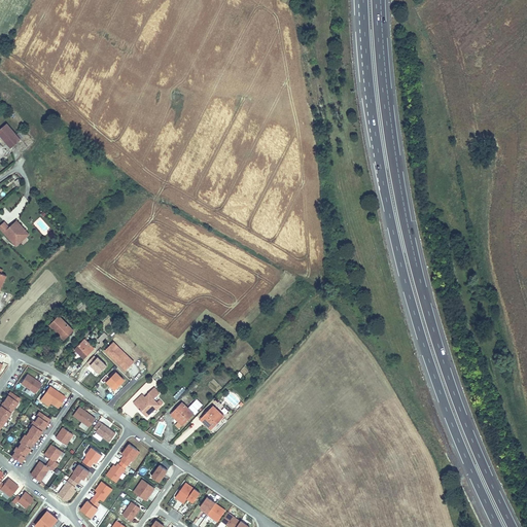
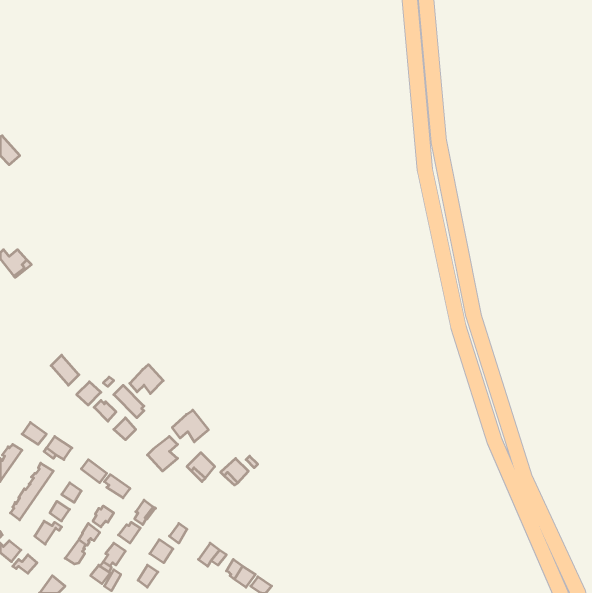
building: none -> [130,365,163,394]
building: none -> [172,410,208,442]

